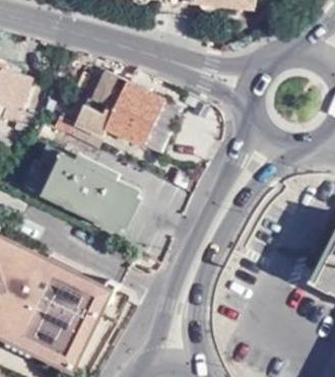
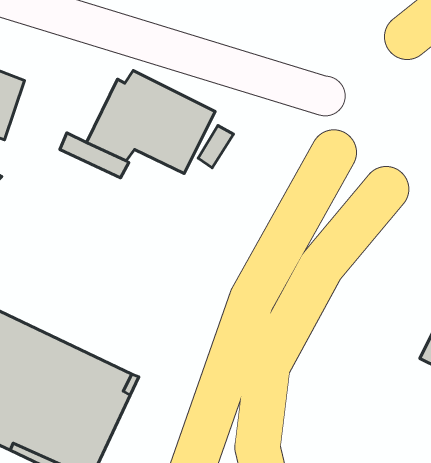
building: [23,144,135,228] -> none

